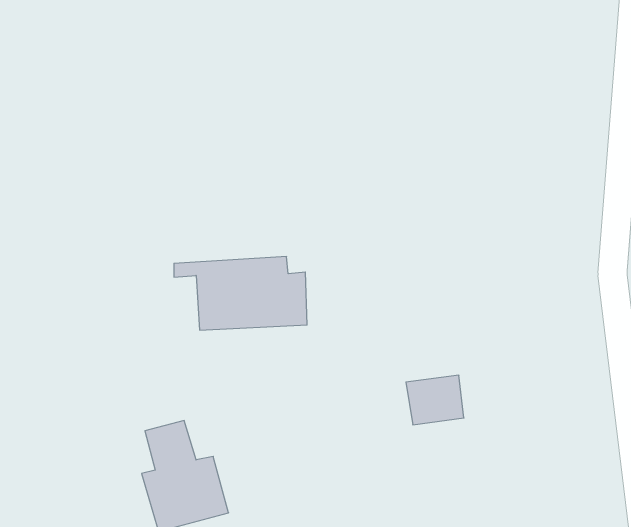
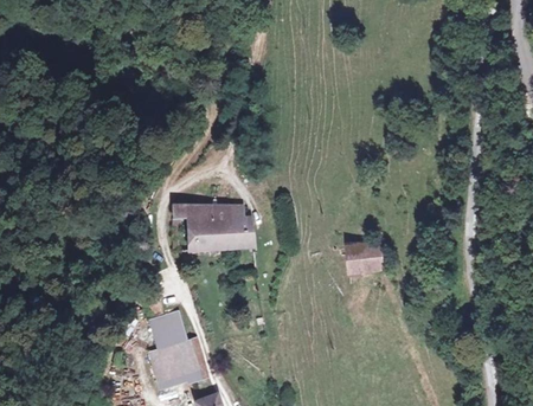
building: [406,375,464,425] -> [341,240,381,275]

